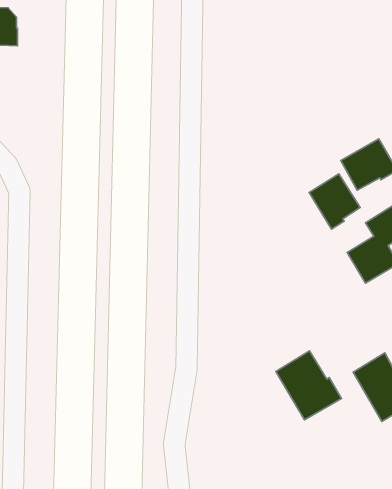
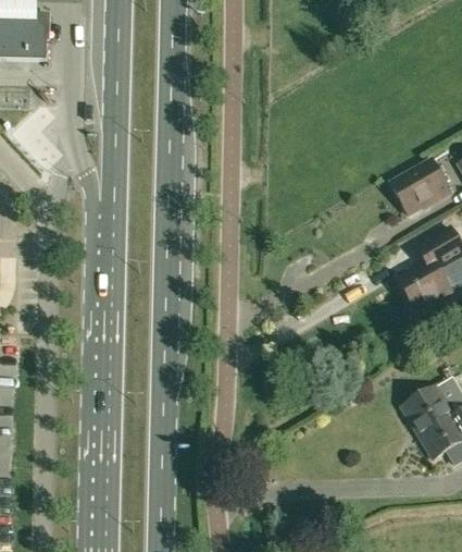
building: [309,174,360,229] -> none
building: [276,351,342,420] -> none

